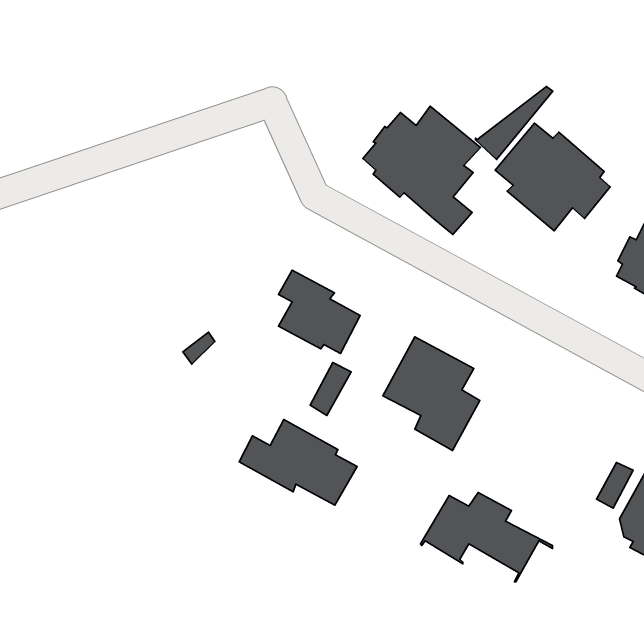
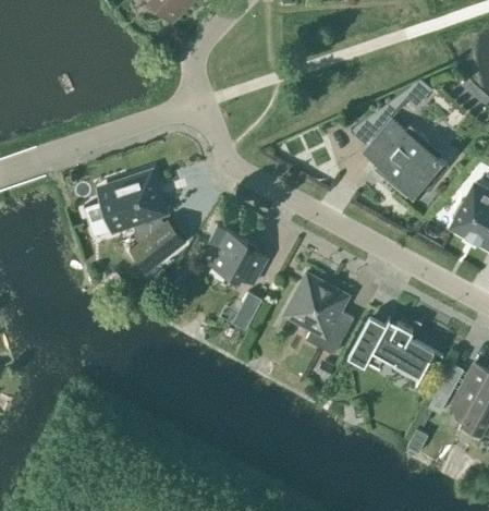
building: [363,106,481,235] -> none
building: none -> [83,169,186,273]
building: [239,420,357,505] -> none
building: [420,492,552,582] -> [347,318,442,382]

